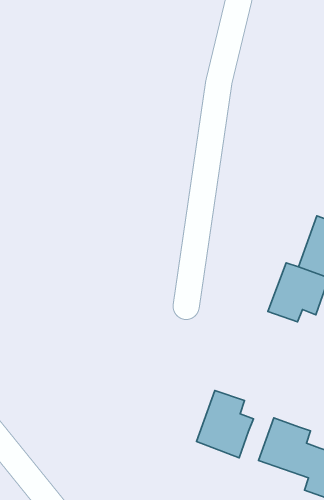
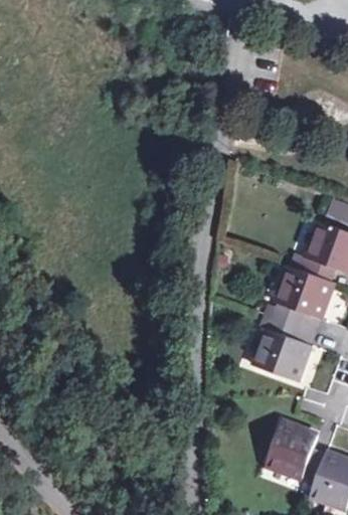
building: [196,390,254,458] -> [253,317,310,383]

